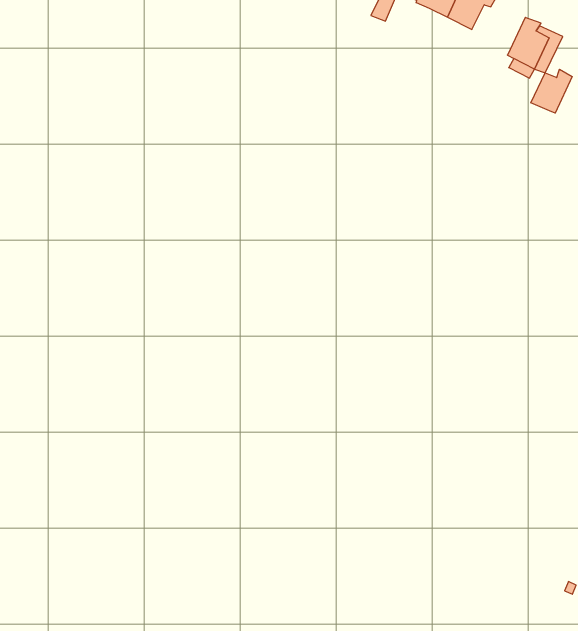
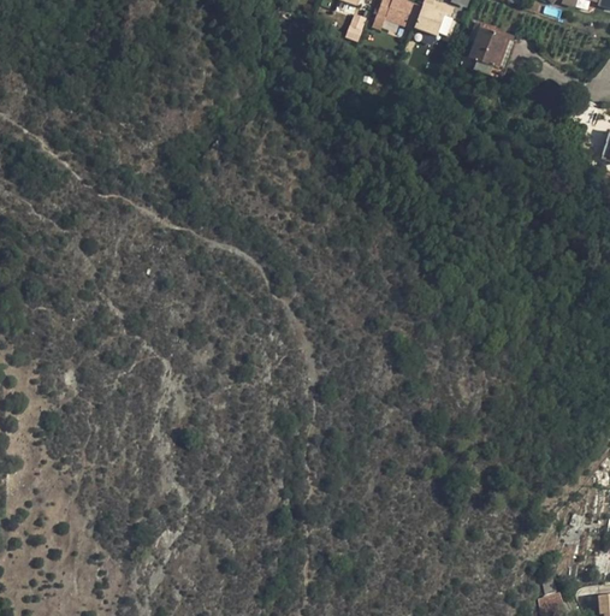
building: [531,69,572,113] -> none

